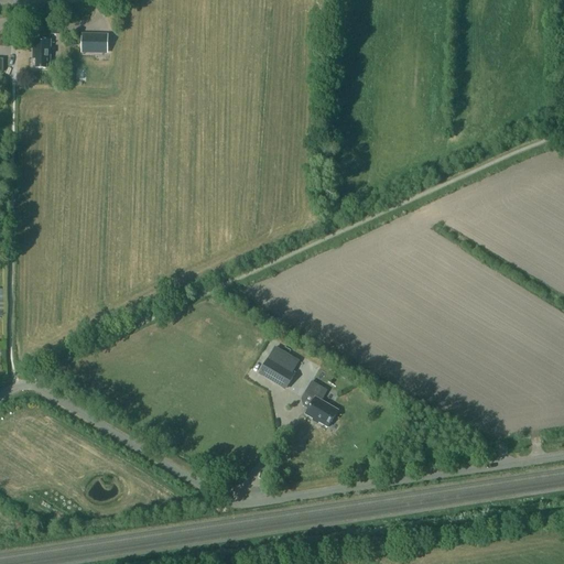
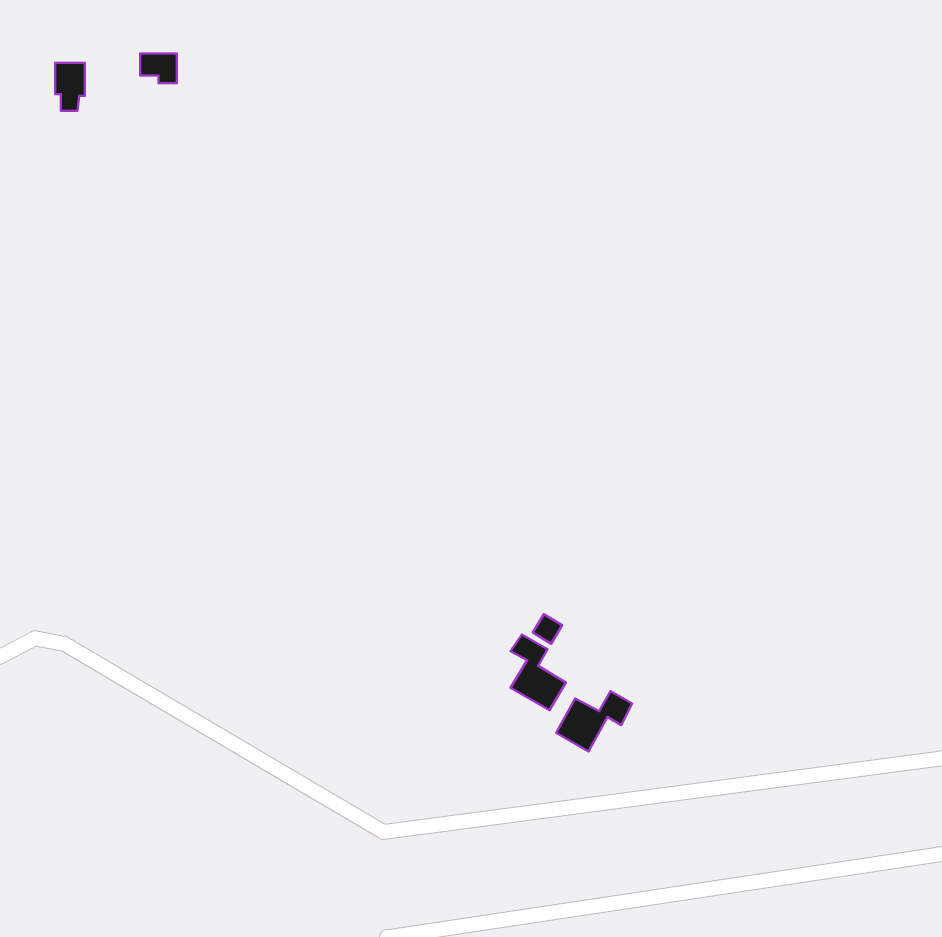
building: [259,355,296,388] -> none
building: none -> [556,691,632,751]

